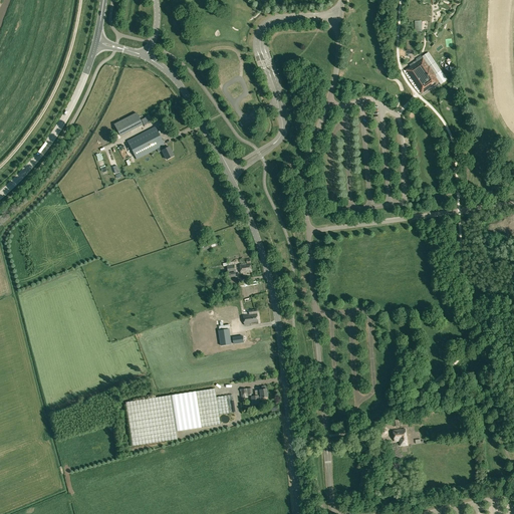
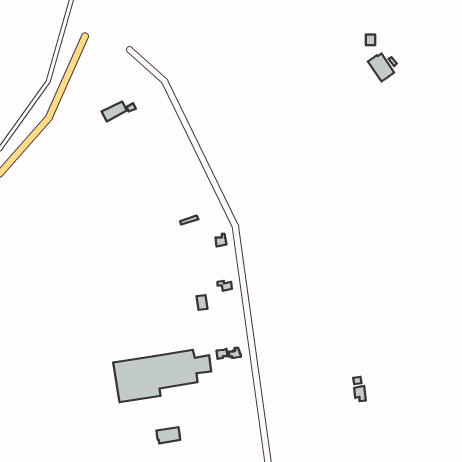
building: [126,126,173,159] -> none
building: none -> [156,427,180,444]

